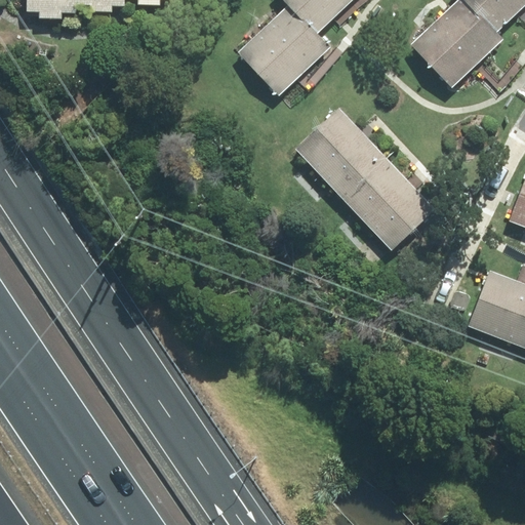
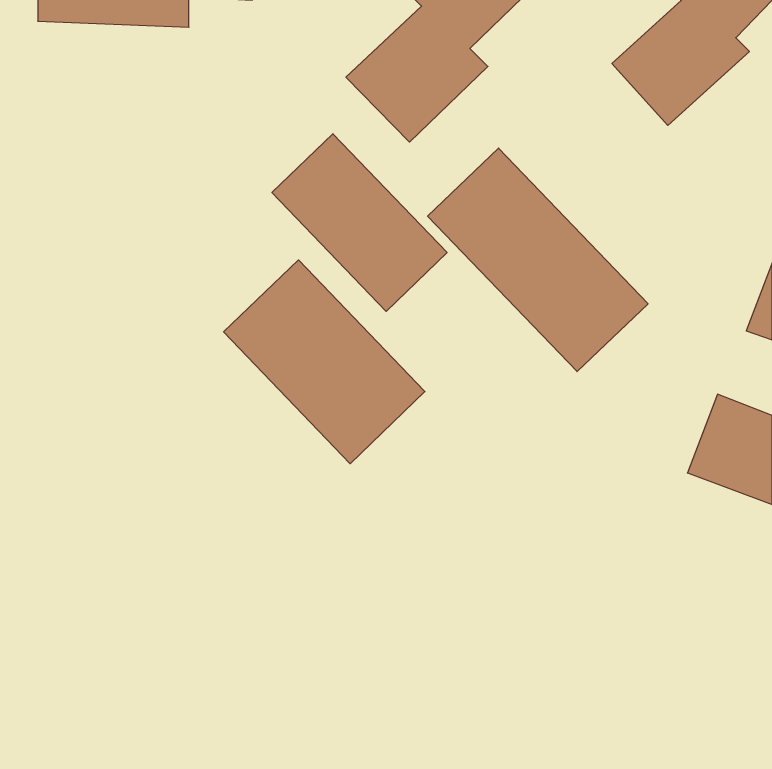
building: none -> [272,134,447,311]
building: none -> [224,260,425,464]

